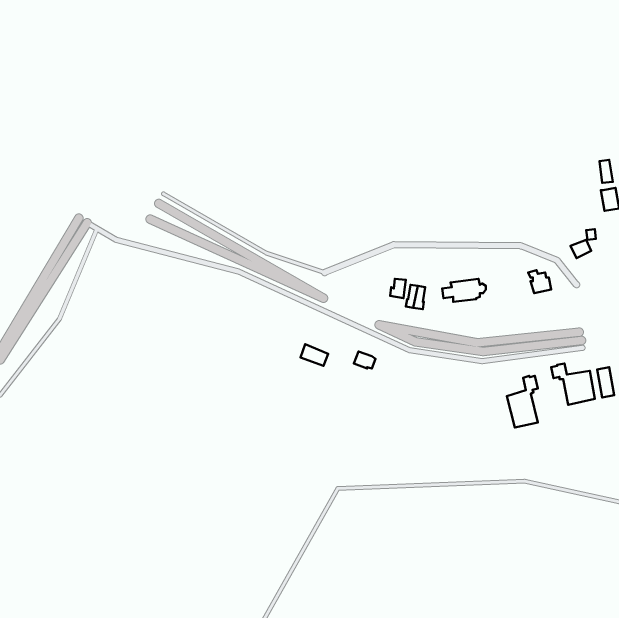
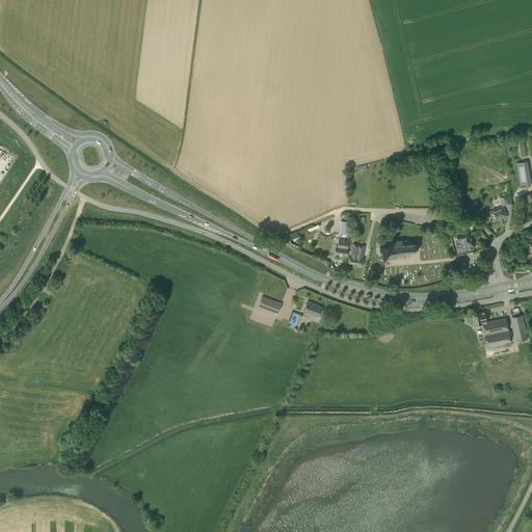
building: [507,376,538,428] -> none

